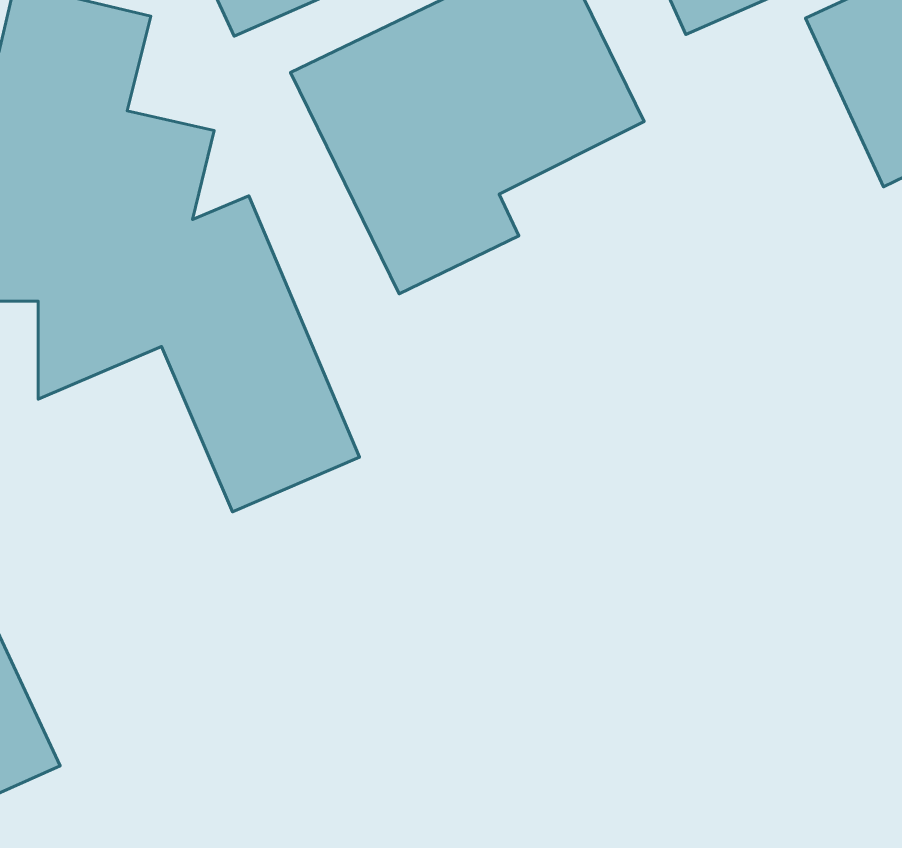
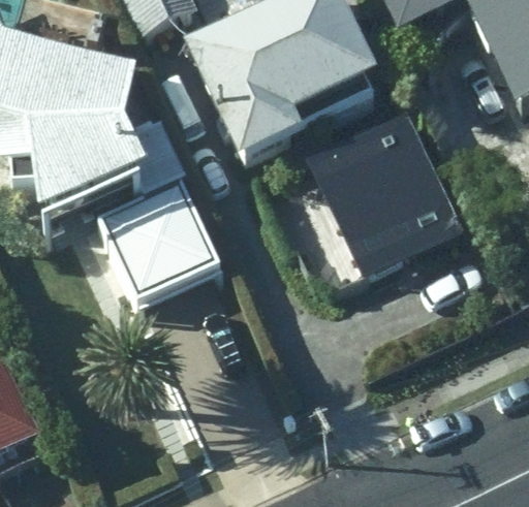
building: none -> [275,122,457,300]

